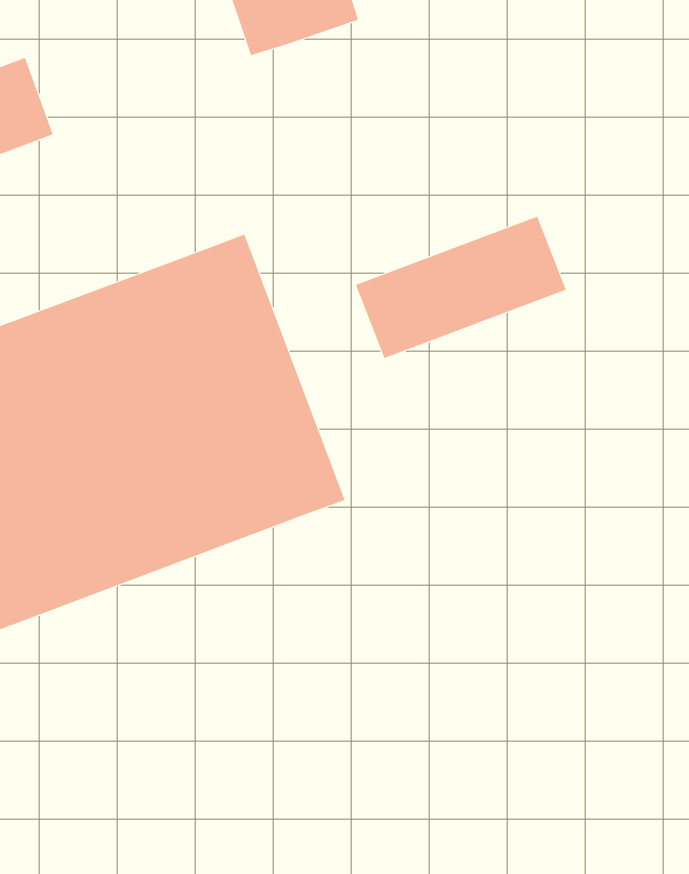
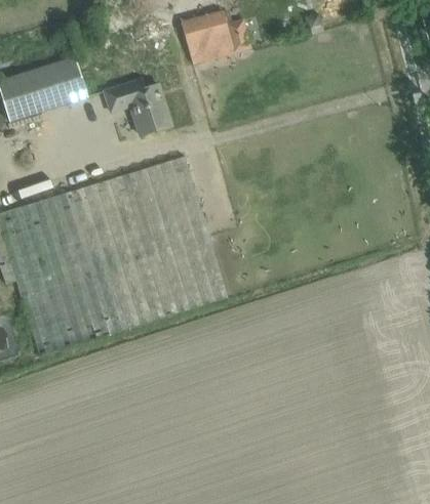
building: none -> [104,79,170,134]
building: [355,216,566,359] -> none

